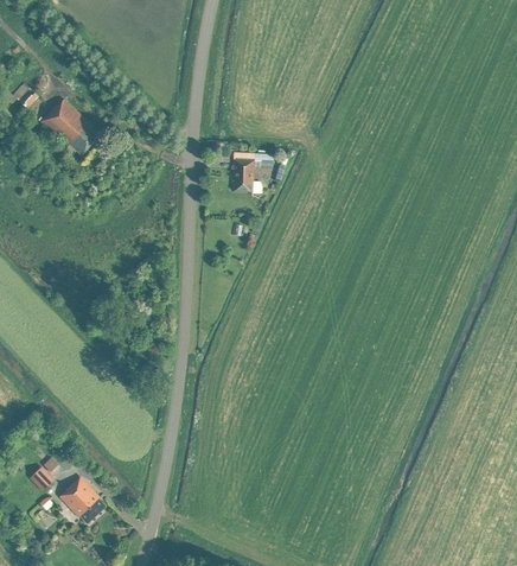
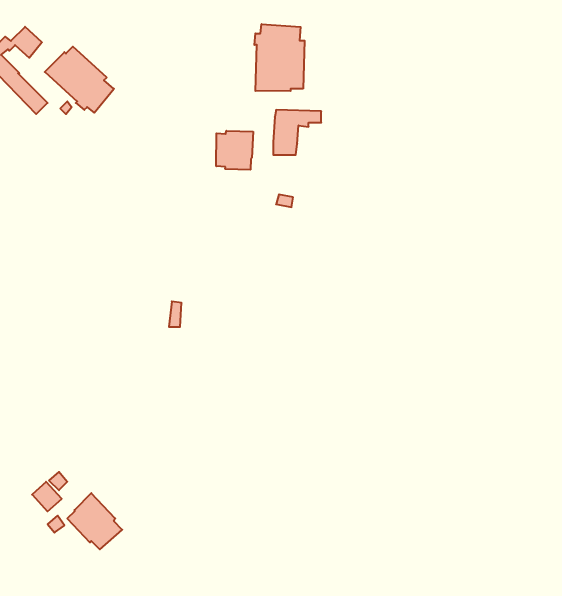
building: none -> [254,24,305,91]
building: none -> [216,131,253,170]

